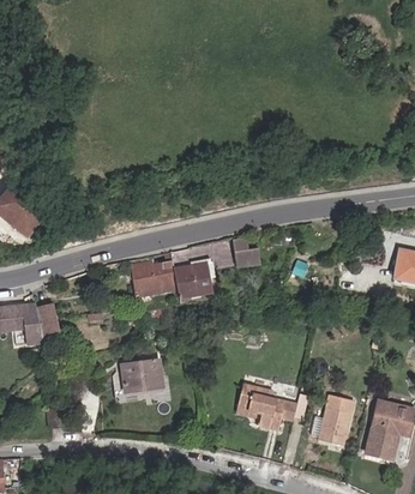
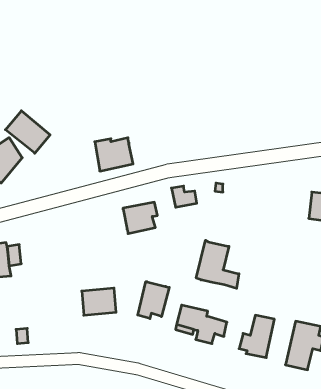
building: none -> [5,111,50,153]
building: [132,260,178,300] -> [95,138,133,171]
building: none -> [196,240,239,288]
building: none -> [138,282,169,319]

